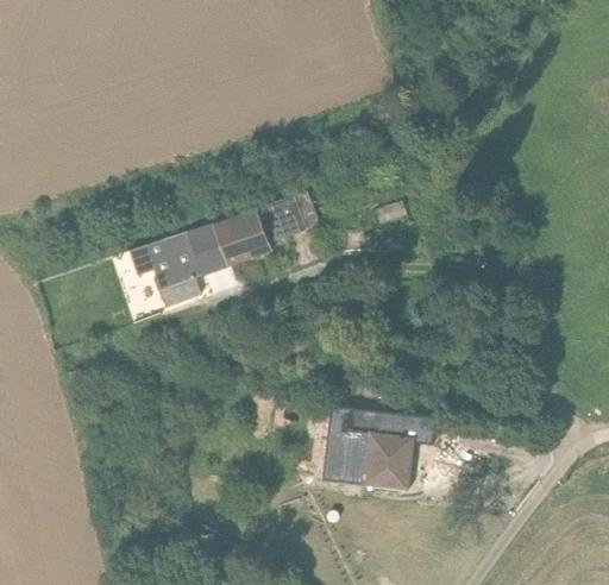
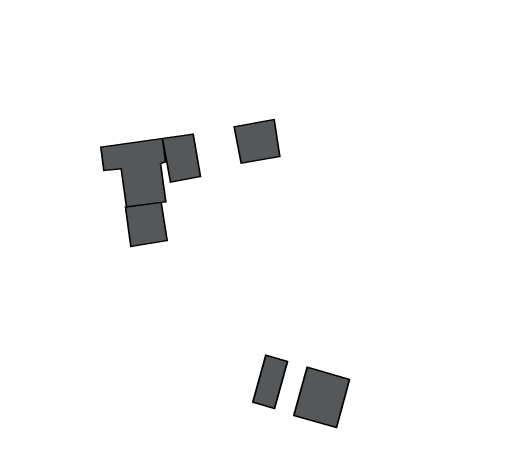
building: [218,208,272,263] -> none
building: none -> [125,202,167,247]
building: [329,407,416,438] -> none

